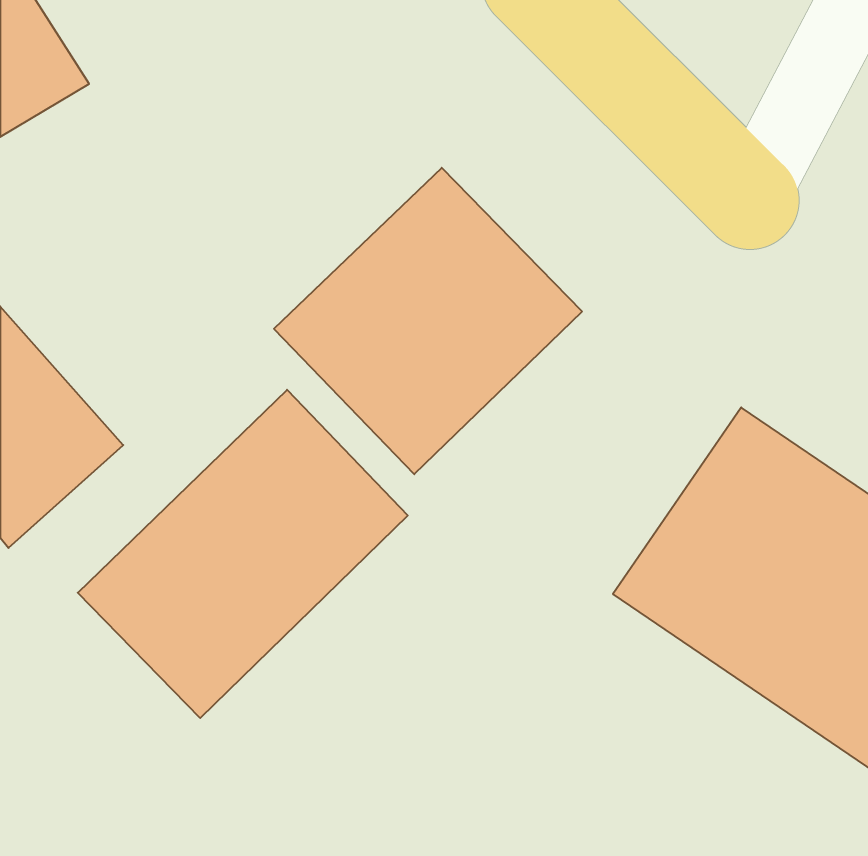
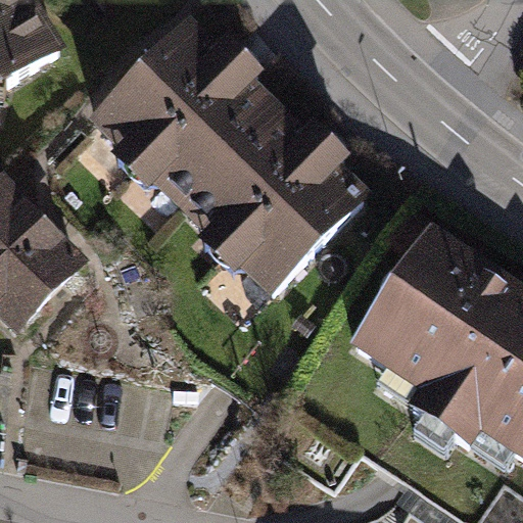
building: none -> [85,14,268,196]
building: [78,390,408,718] -> none

